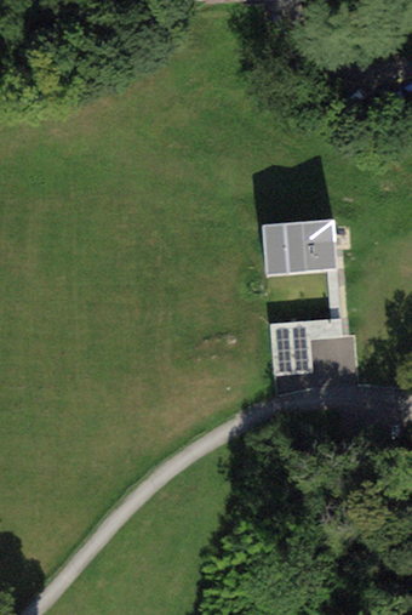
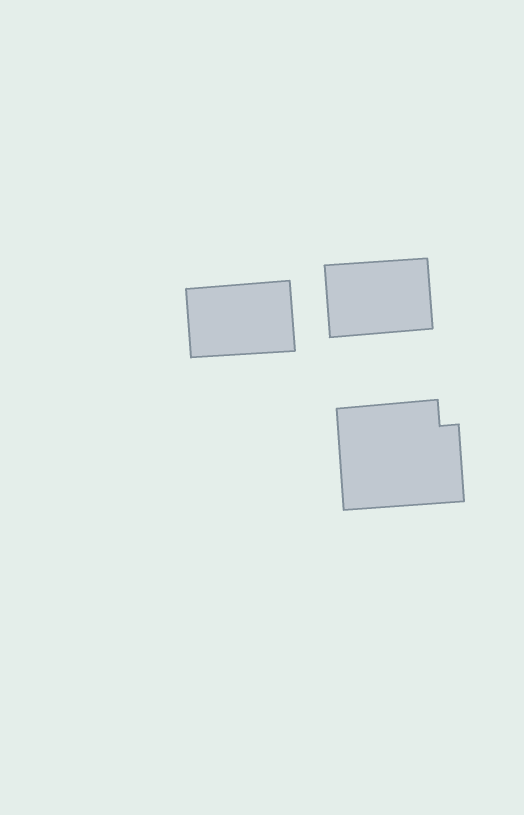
building: none -> [186,281,295,358]

